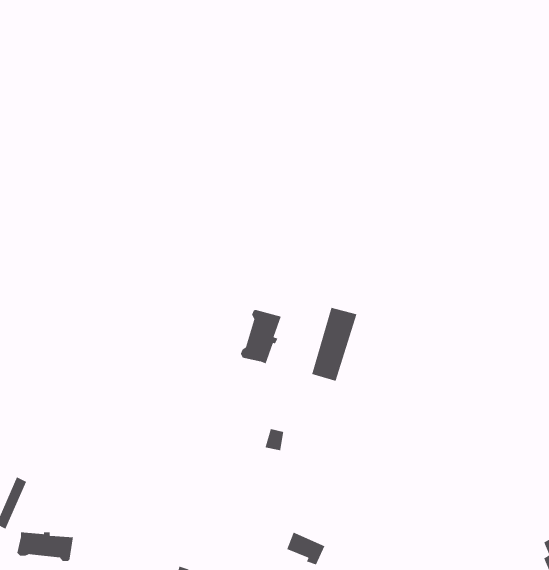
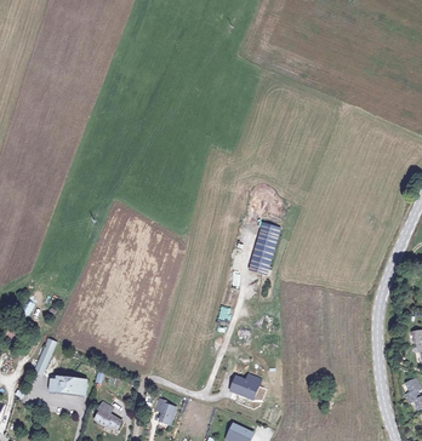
building: [240,309,282,364] -> none

